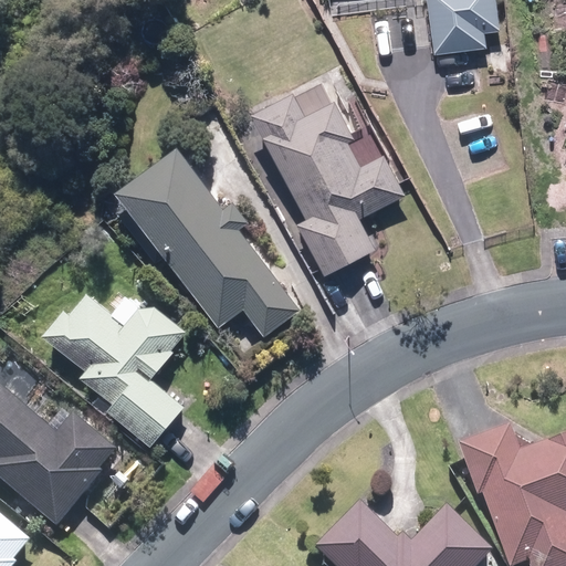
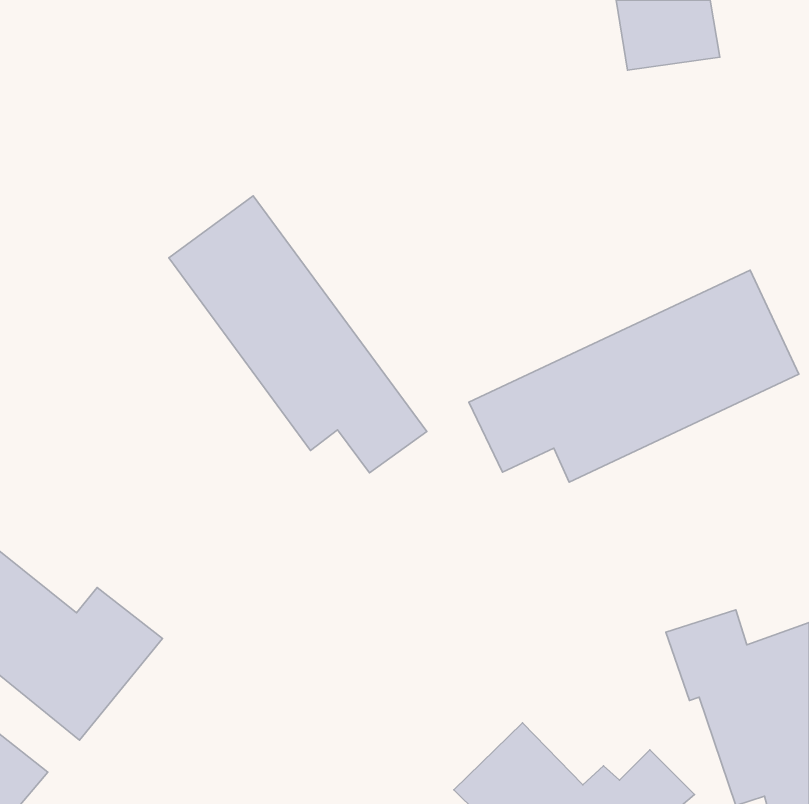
building: [255,94,405,271] -> none
building: none -> [469,270,799,482]
building: [48,289,185,443] -> none

